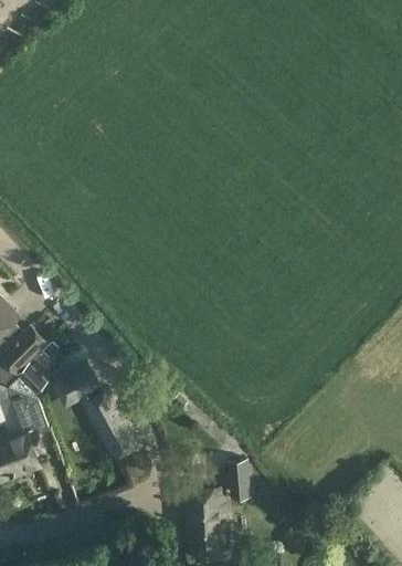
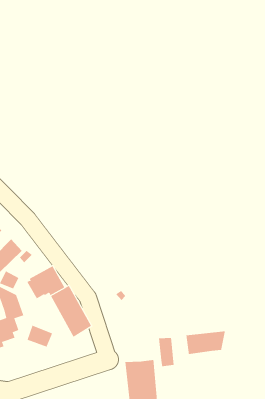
building: none -> [27,325,53,347]
building: none -> [186,331,225,355]

